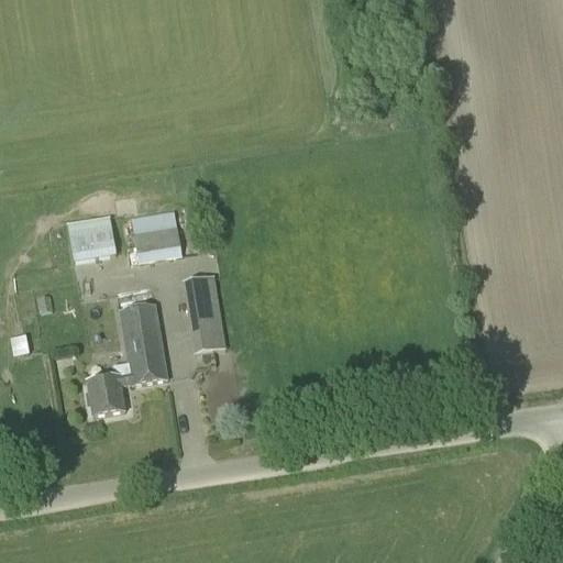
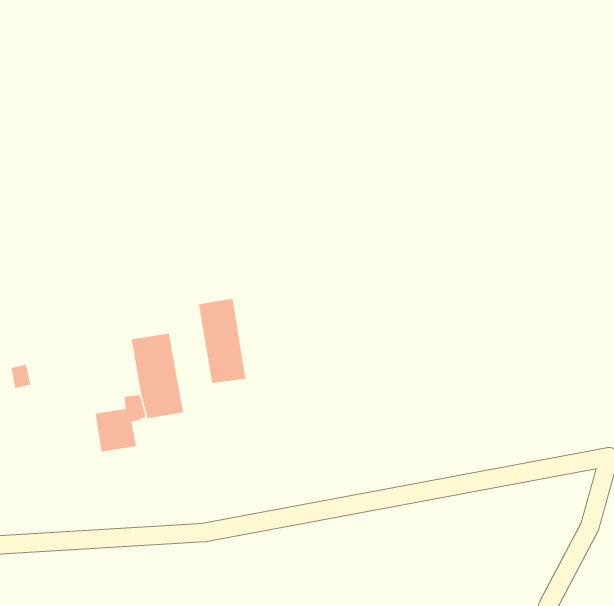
building: [67,217,115,260] -> none
building: [133,224,181,262] -> none

